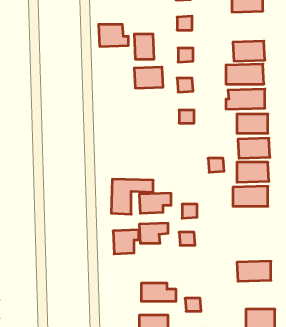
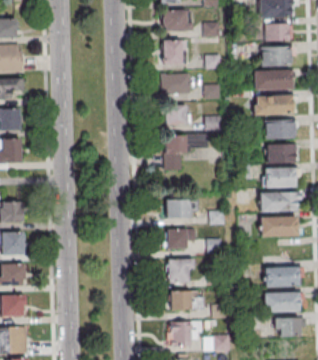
building: none -> [260,22,291,40]
building: [99,24,128,46] -> [162,10,192,32]
building: none -> [163,104,187,123]
building: [111,179,153,214] -> [163,133,205,168]
building: none -> [261,217,298,237]
building: [113,230,139,254] -> [168,259,194,283]
building: none -> [265,293,300,312]

